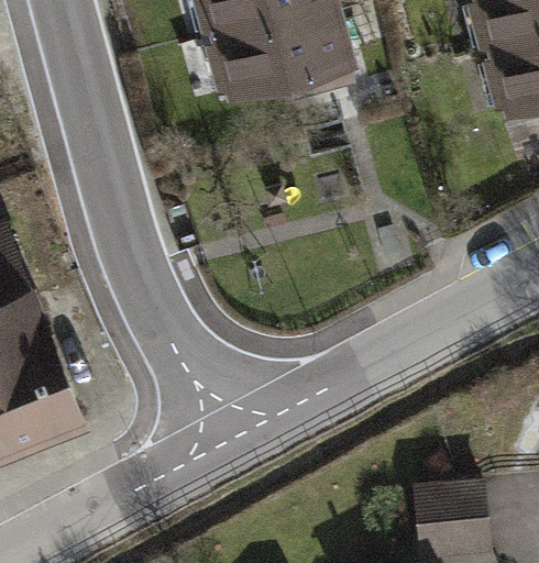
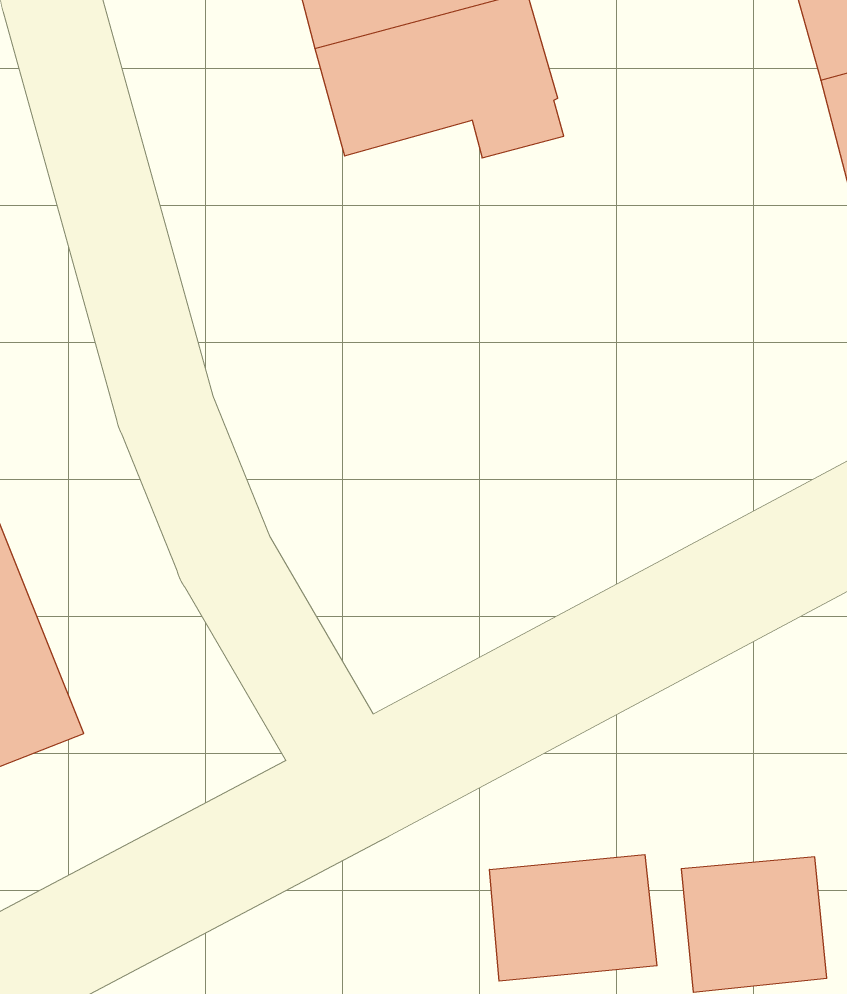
building: none -> [490,855,657,981]

